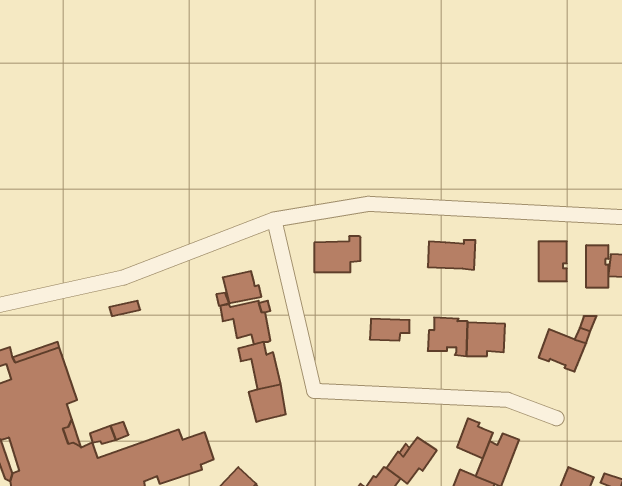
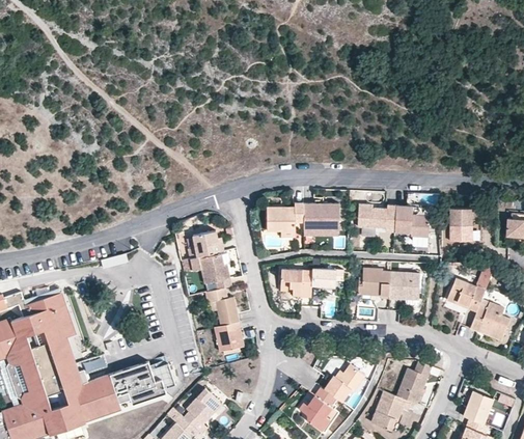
building: none -> [304,203,339,234]
building: none -> [394,205,431,238]
building: [586,245,608,288] -> none
building: none -> [280,269,312,297]
building: none -> [470,302,509,340]
building: [457,418,493,458] -> none

